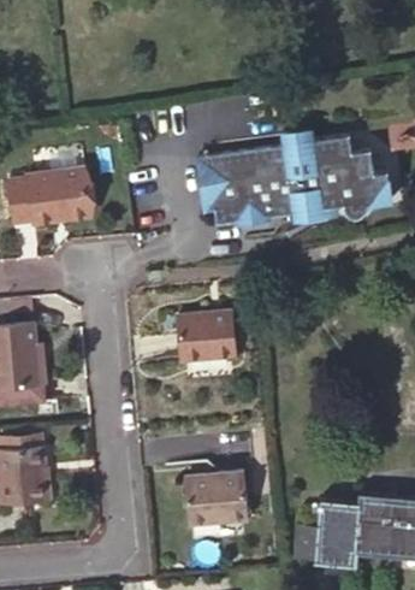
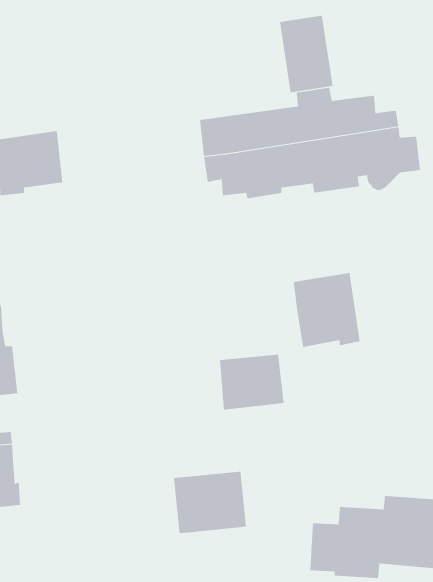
building: none -> [279,15,333,93]
building: none -> [293,272,360,348]
building: [176,299,233,348] -> [219,354,284,410]

